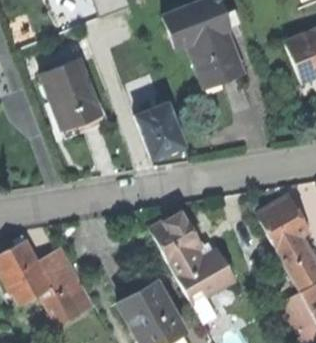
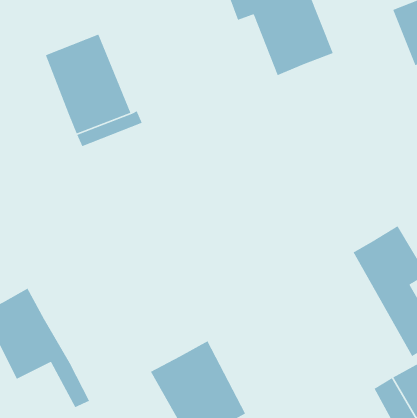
building: [137,105,182,156] -> none
building: [149,209,235,302] -> none
building: [40,247,80,291] -> none

